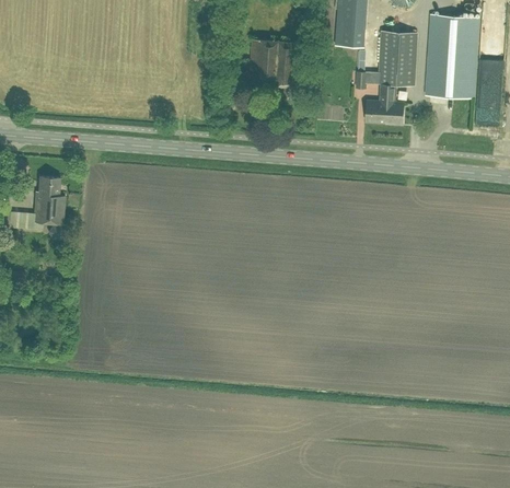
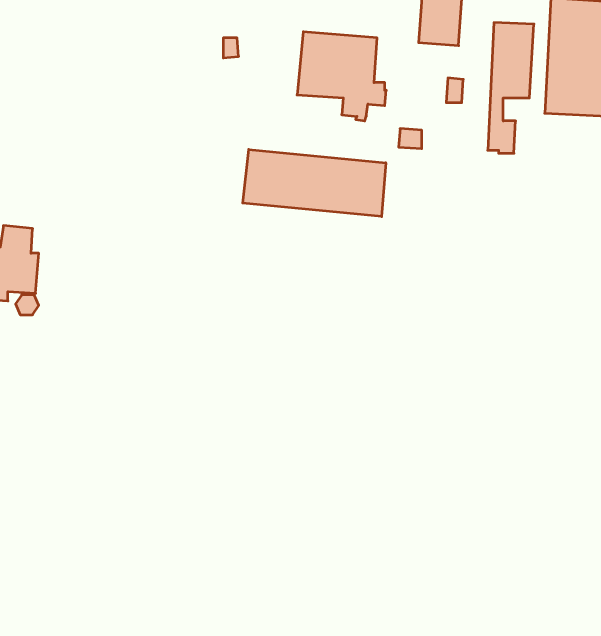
building: [366,31,389,121] -> none
building: none -> [243,149,386,217]

